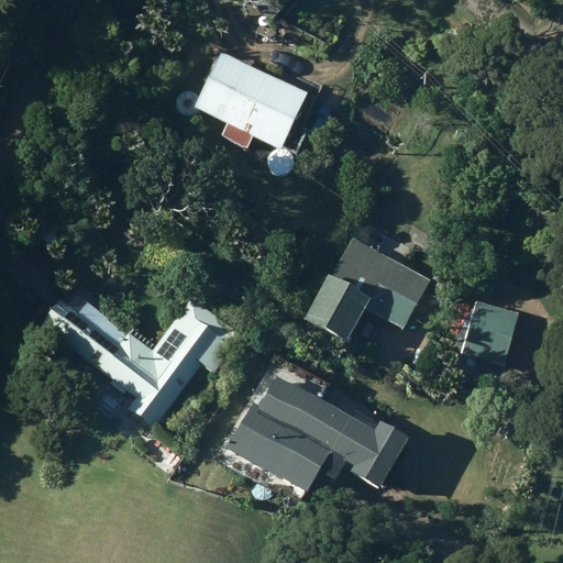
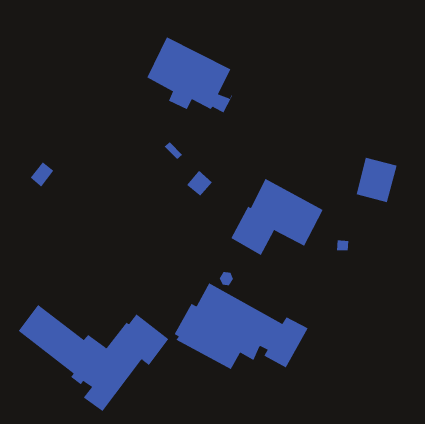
building: [40,288,240,430] -> [18,304,169,412]
building: [463,302,518,363] -> [356,157,397,203]

